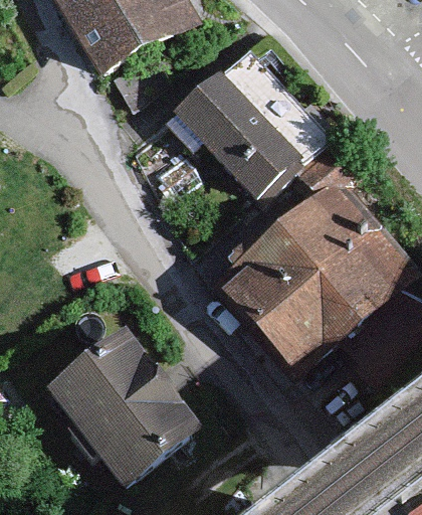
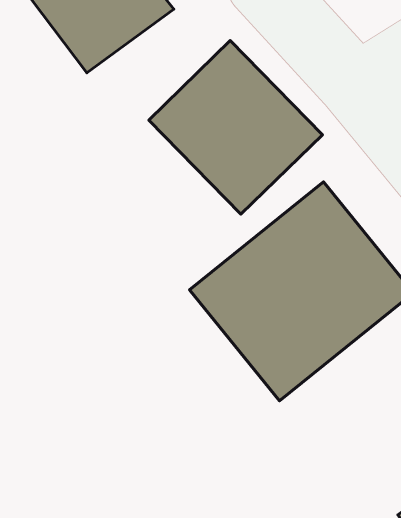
building: [41,327,204,492] -> none

